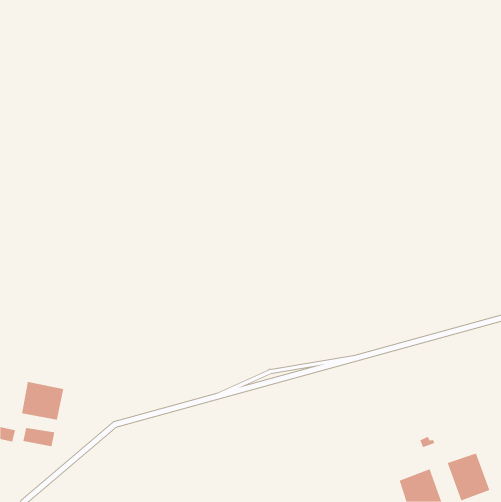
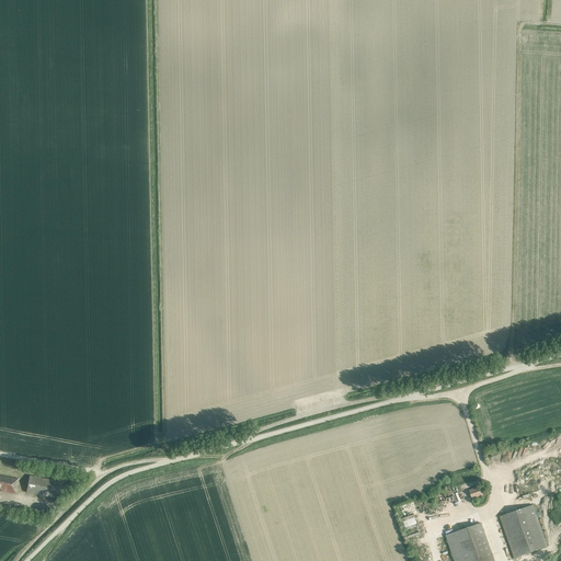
building: [21,381,64,420] -> none

